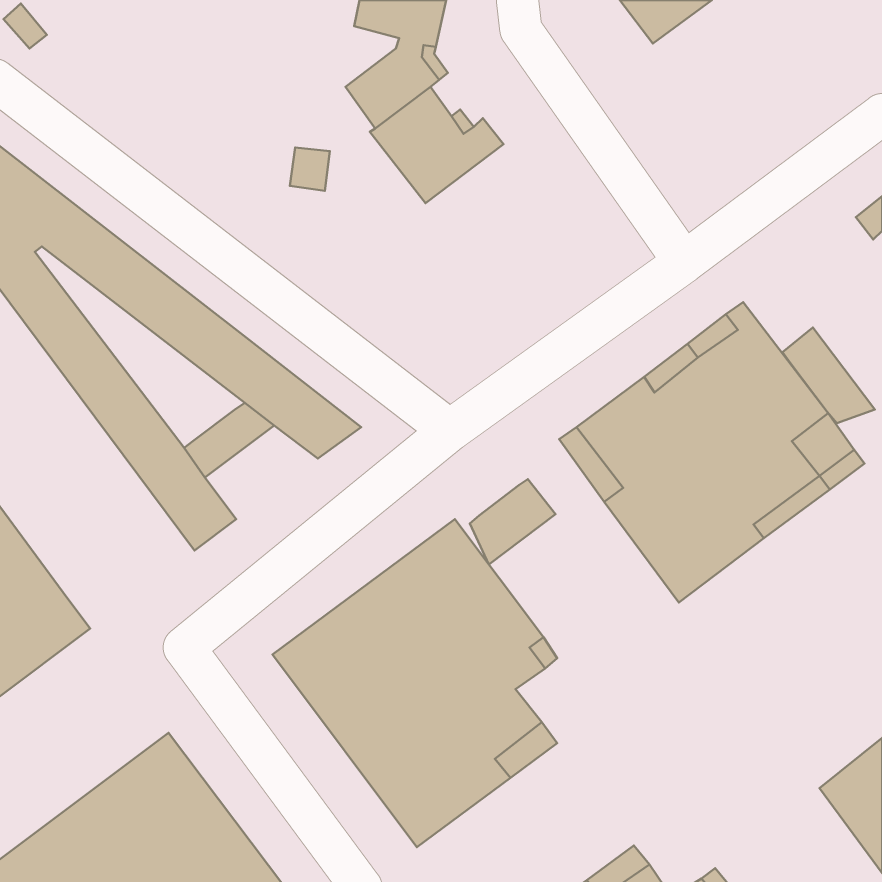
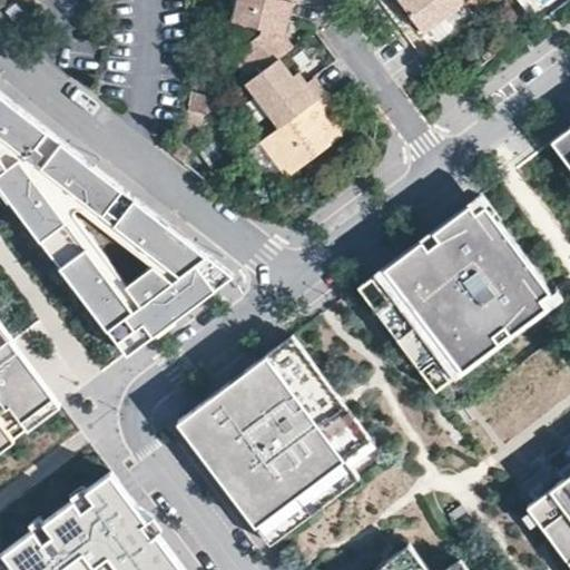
building: none -> [257,96,340,178]
building: none -> [22,161,157,291]
building: [782,327,875,423] -> none
building: none -> [131,276,204,336]
building: [470,479,555,564] -> none

